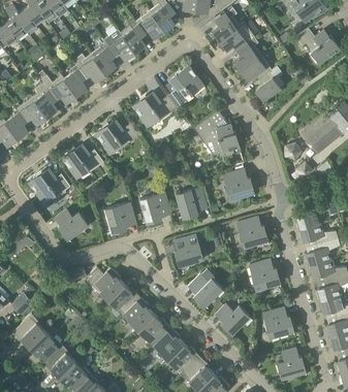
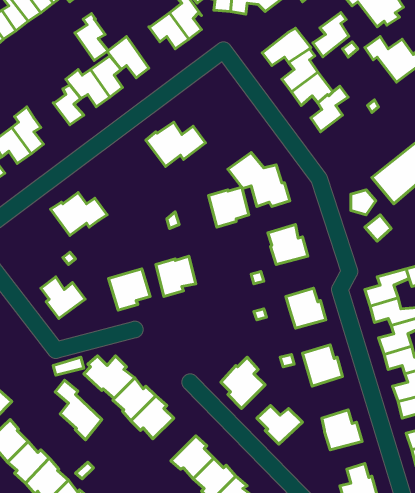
building: [213,9,240,42] -> [313,13,349,57]
building: [121,19,146,54] -> [75,14,108,61]
building: [170,66,203,107] -> none
building: [42,76,76,103] -> none
building: [96,122,140,154] -> none
building: [29,170,68,202] -> none
building: [177,189,207,219] -> [209,187,249,227]
building: [176,235,203,270] -> none
building: none -> [55,380,102,440]
building: [138,315,170,347] -> none

